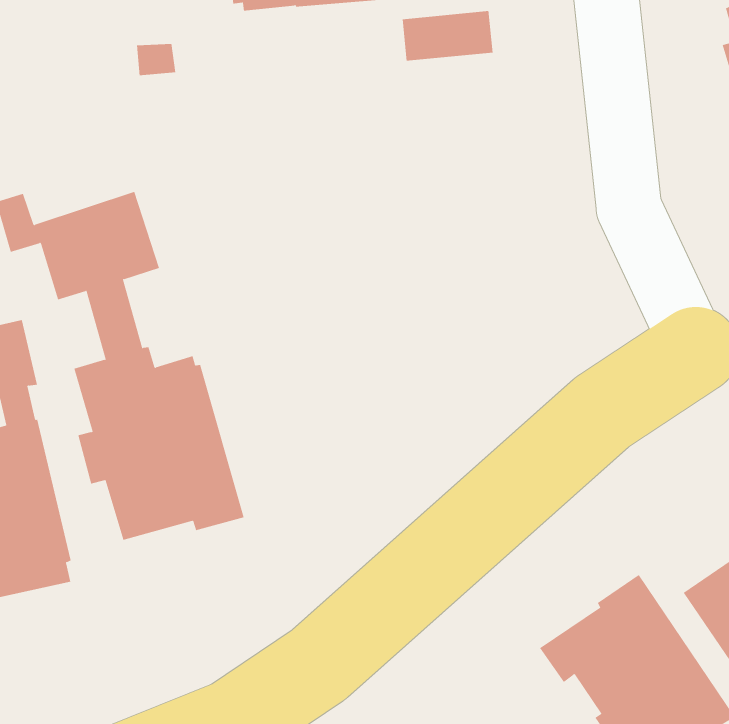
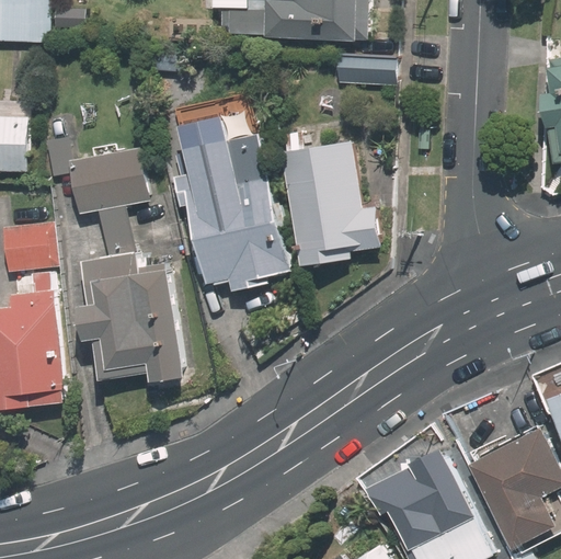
building: none -> [280,132,379,265]
building: none -> [172,132,286,289]

